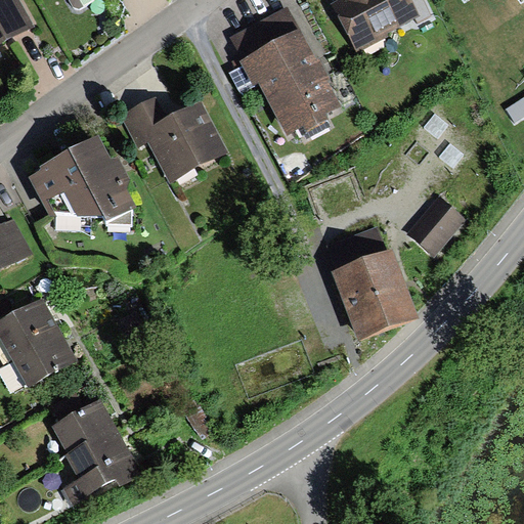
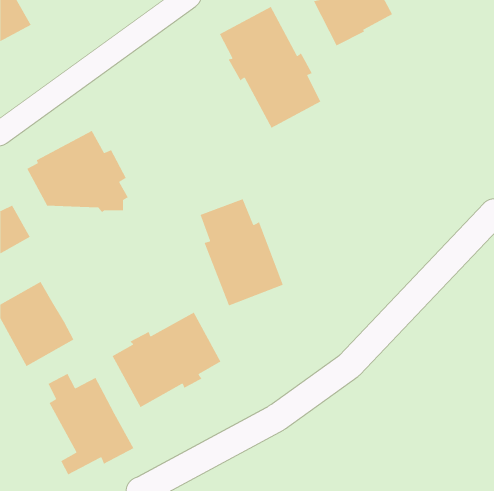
building: [120,95,229,182] -> none
building: [405,194,466,256] -> none
building: [328,225,417,340] -> [200,198,284,307]
building: none -> [112,312,222,408]

